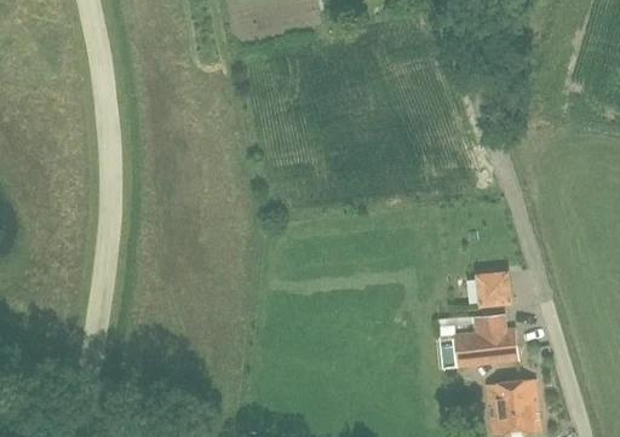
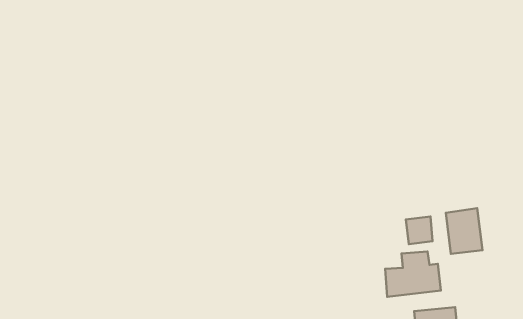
building: none -> [446,208,482,254]

